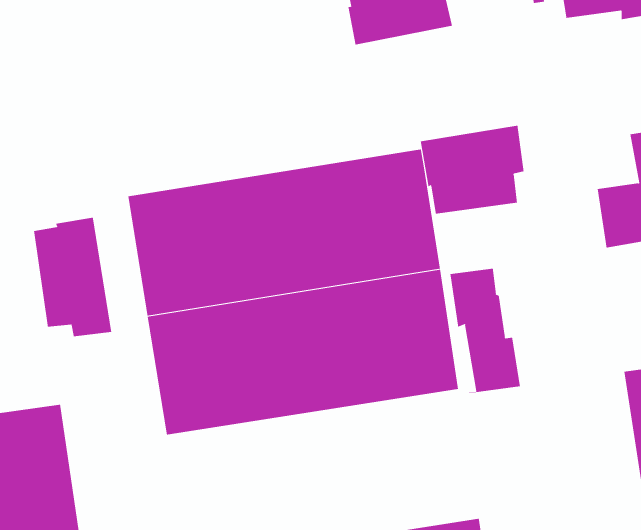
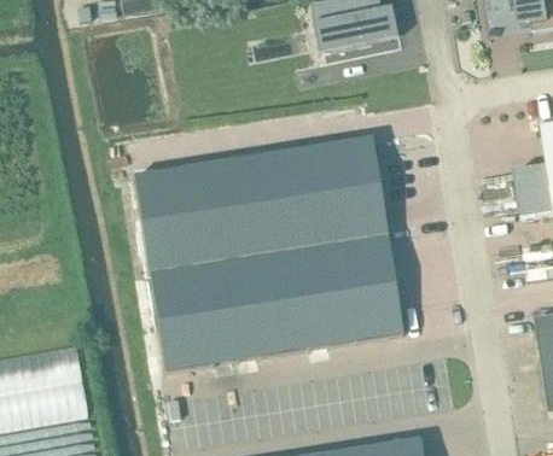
building: [420,125,524,214] -> none
building: [33,217,112,337] -> none
building: [450,268,521,394] -> none

